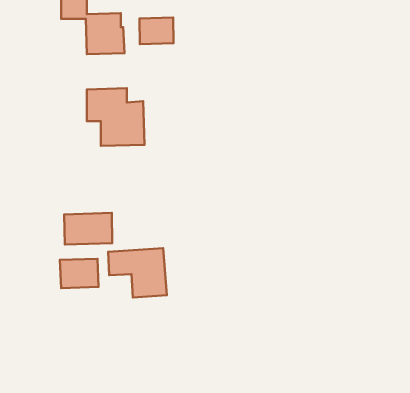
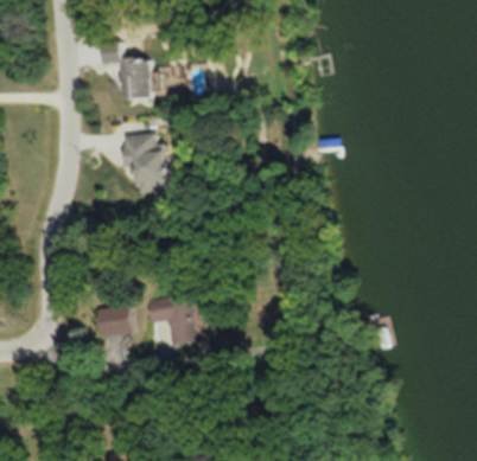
building: [139,17,174,44] -> none
building: [64,213,112,245] -> none

